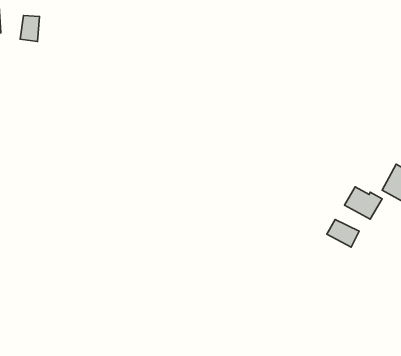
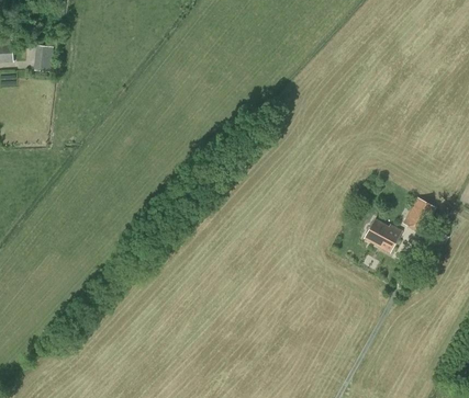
building: [327,220,359,247] -> none

